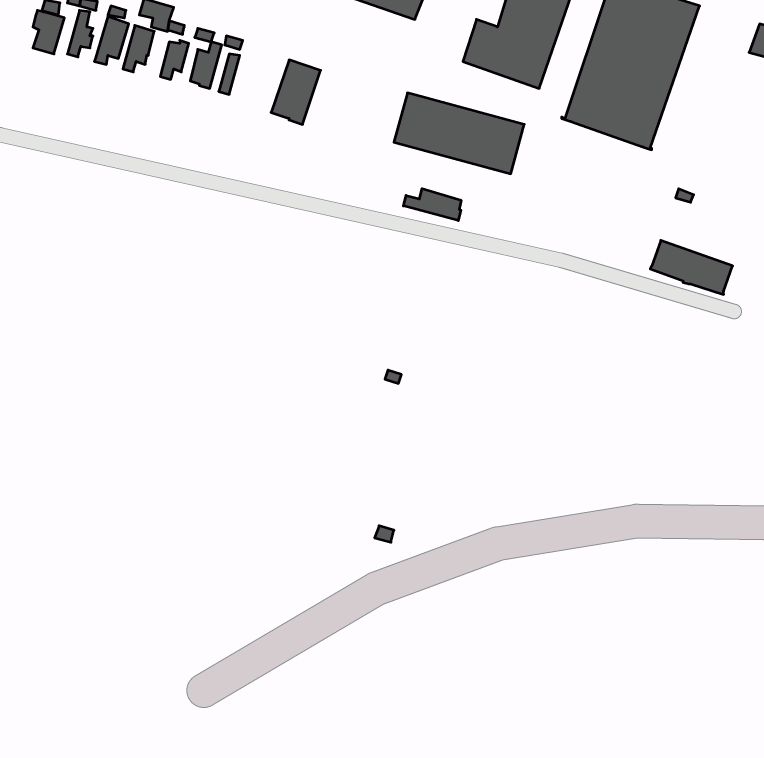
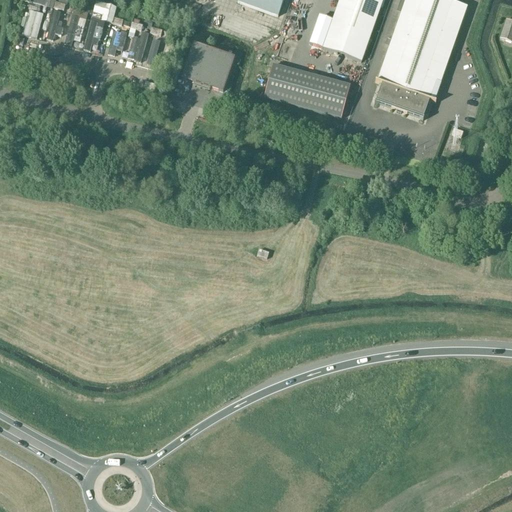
building: none -> [203,47,235,89]
building: [403,189,461,221] -> none
building: [650,240,733,294] -> [375,81,430,117]

